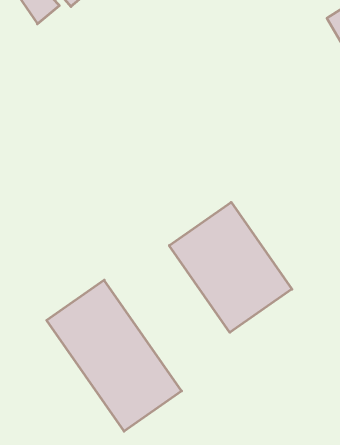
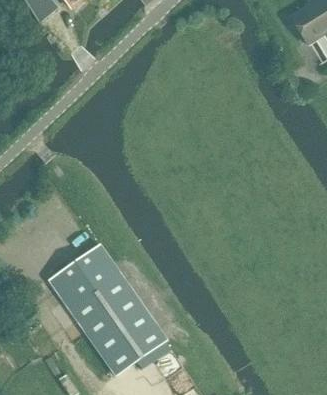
building: [169,202,292,332] -> none

